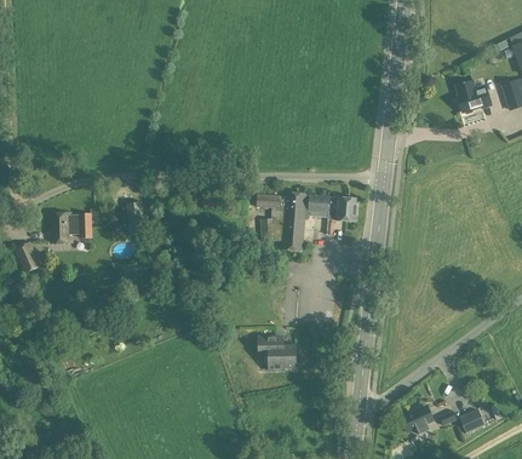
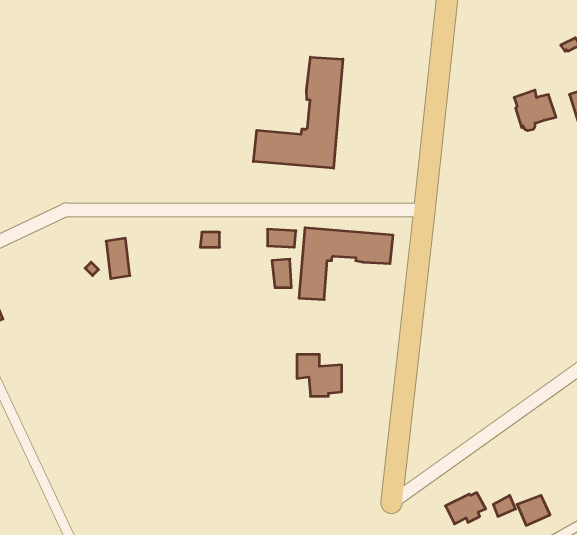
building: none -> [253,57,343,168]
building: [51,211,92,241] -> none
building: [259,335,296,369] -> [297,354,342,396]

